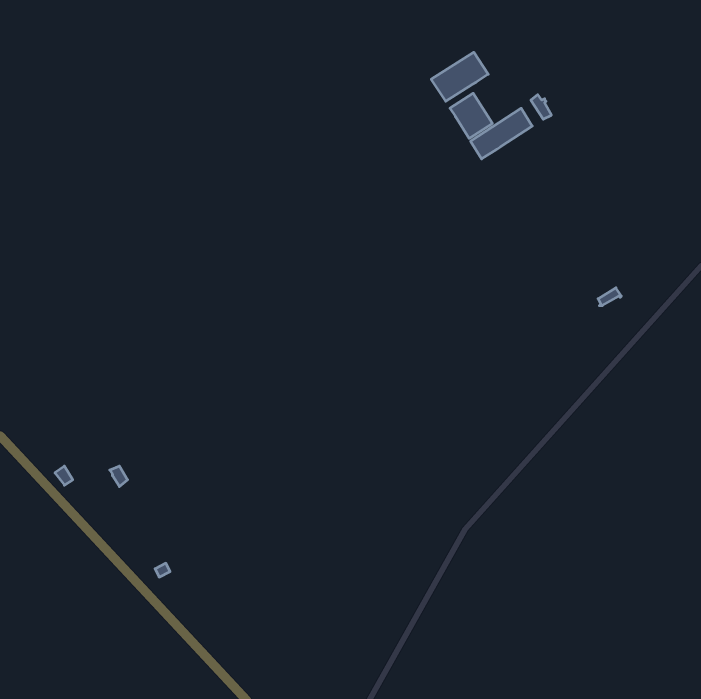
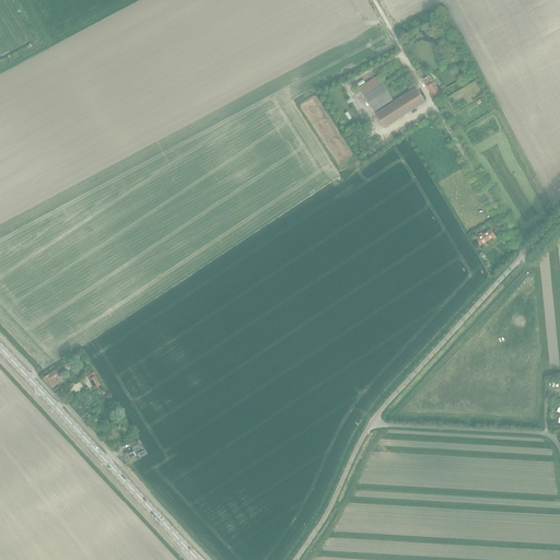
building: [431,52,488,101] -> none

